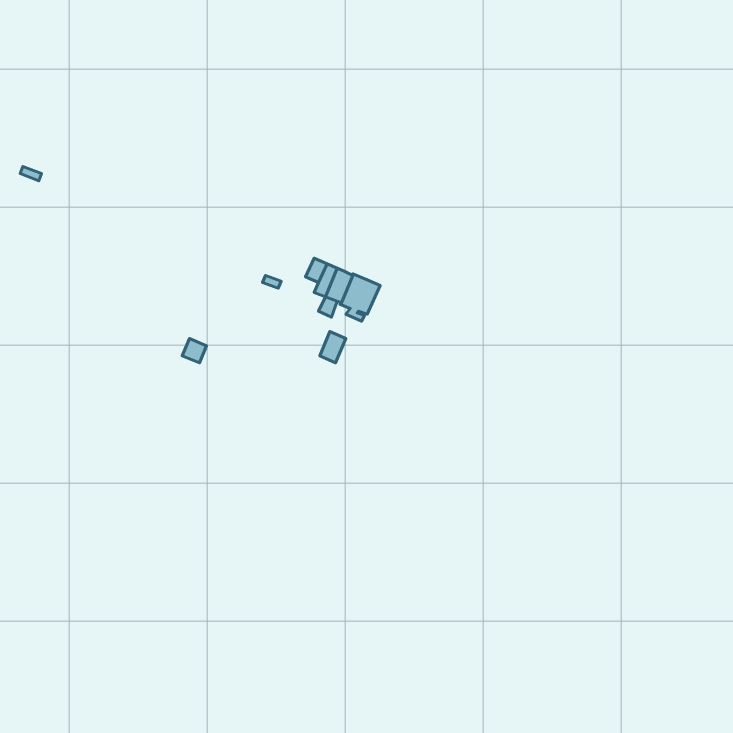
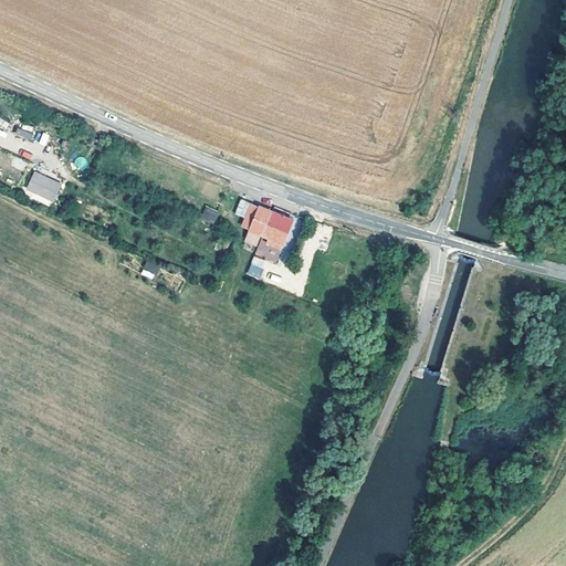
building: none -> [28,171,61,200]

